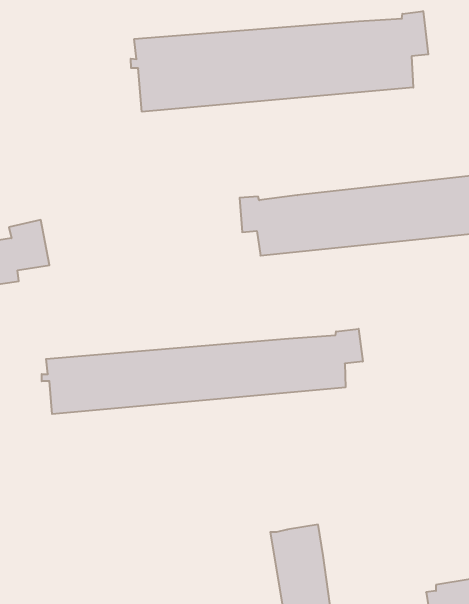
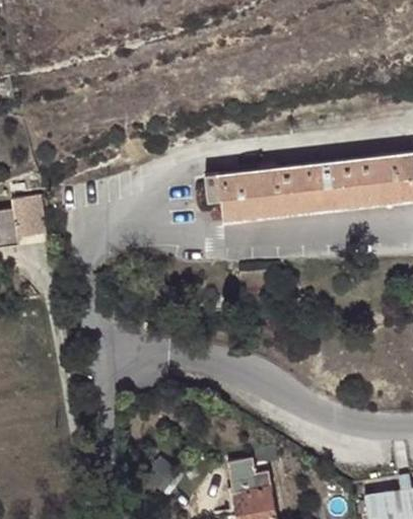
building: [131,11,428,112] -> none
building: [42,329,363,414] -> none

